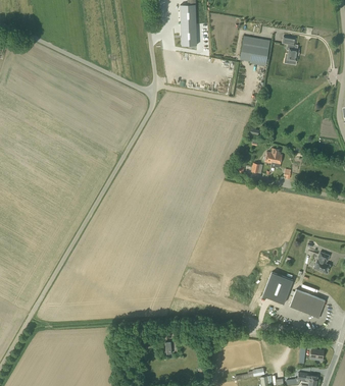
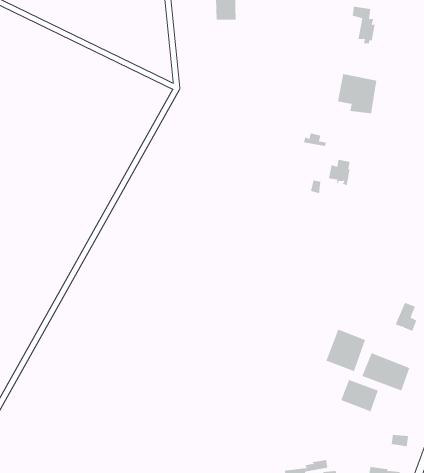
building: [240,36,269,65] -> [337,74,377,114]
building: none -> [340,379,379,412]

